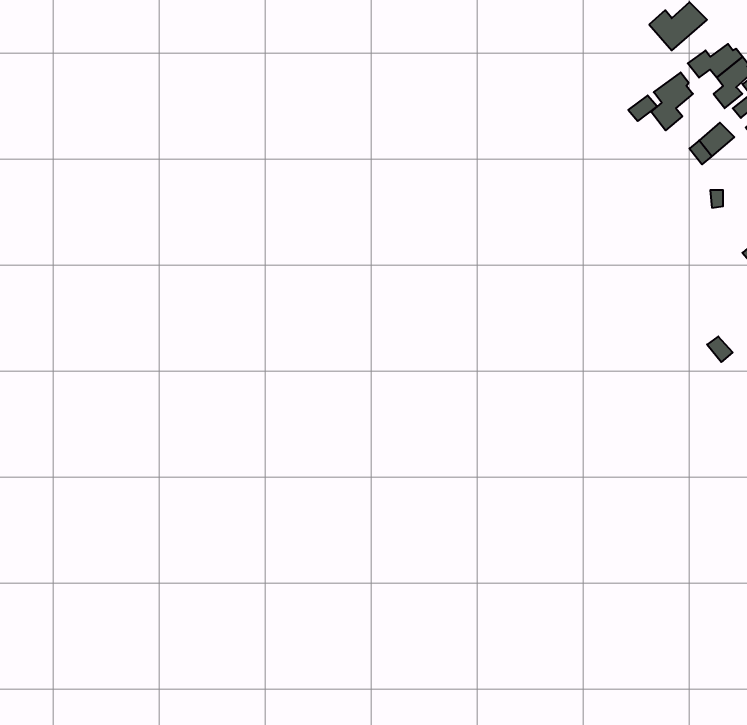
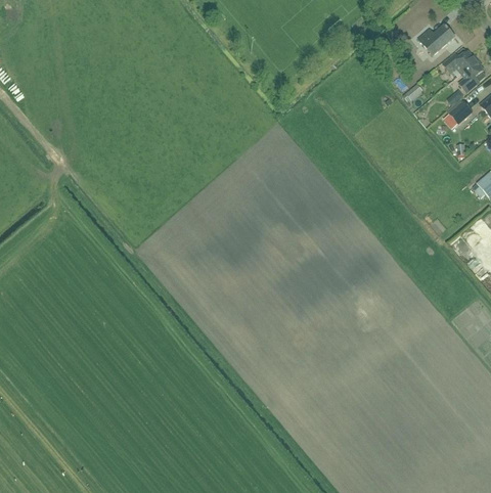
building: [651,72,693,130] -> none

